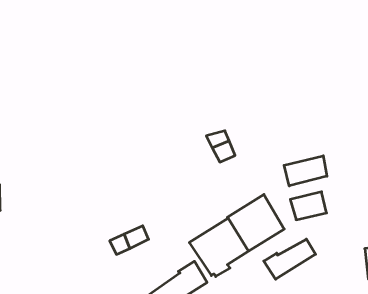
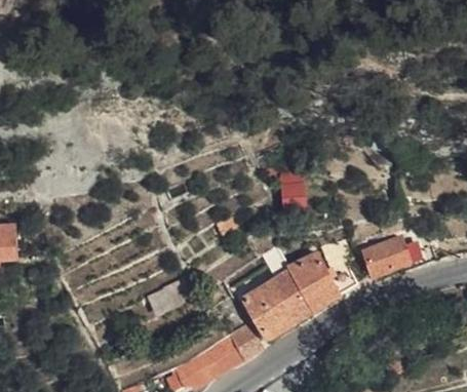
building: [284,156,327,186] -> none
building: [264,239,316,279] -> none

